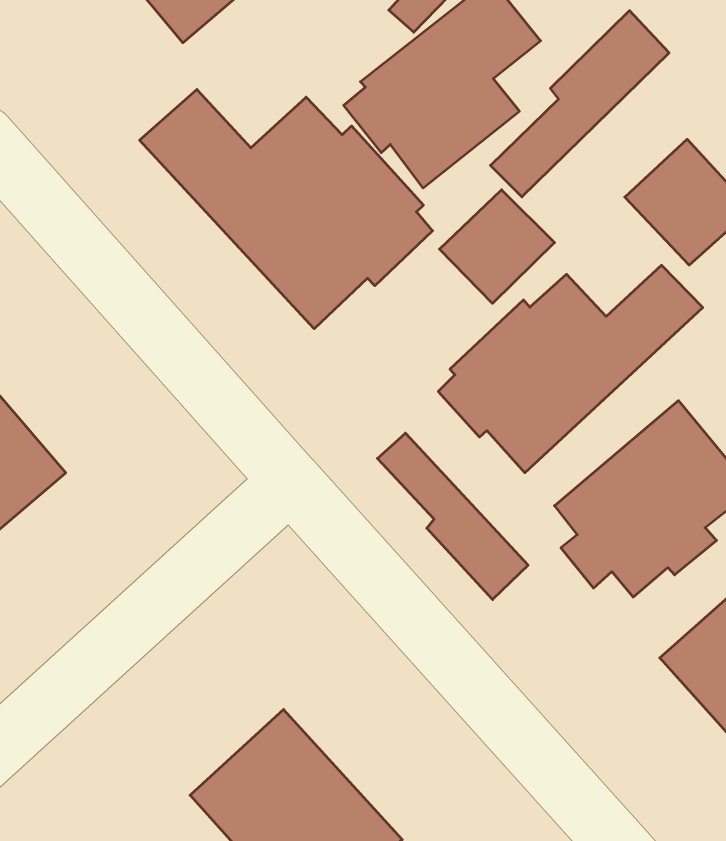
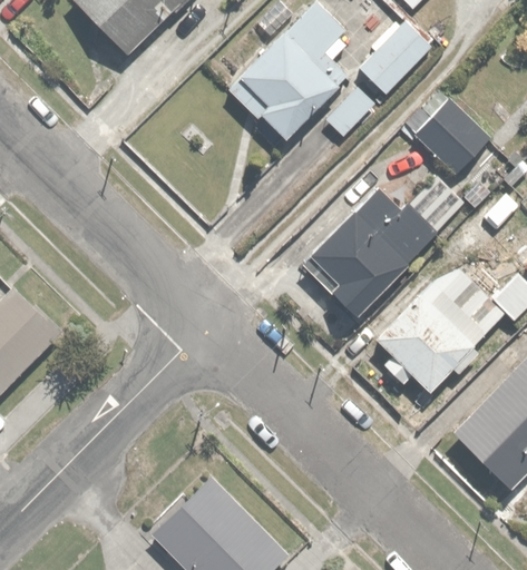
building: [140,89,433,329] -> none
building: [439,190,555,303] -> none
building: [377,433,528,600] -> none

